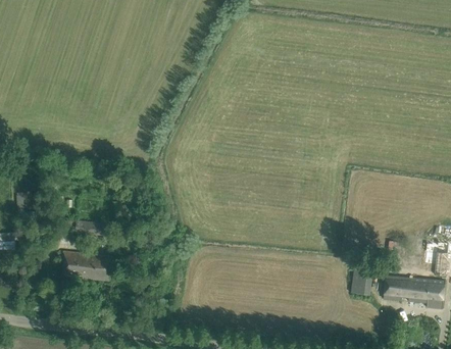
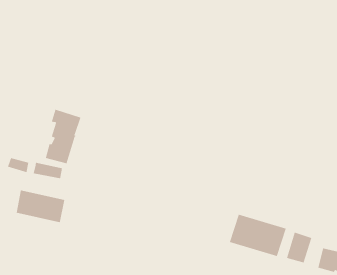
building: none -> [45,109,81,164]
building: none -> [229,214,287,257]

